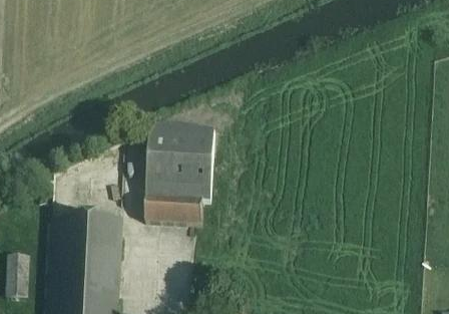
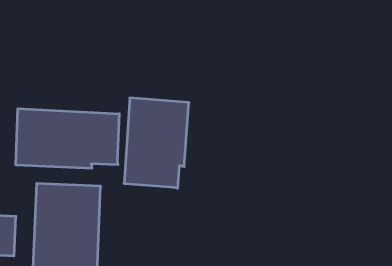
building: none -> [16,109,119,168]

